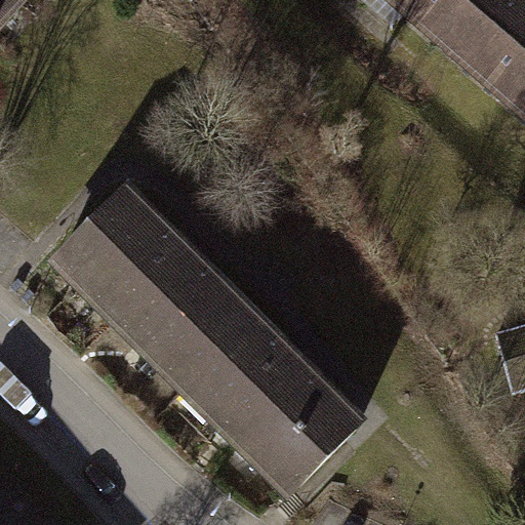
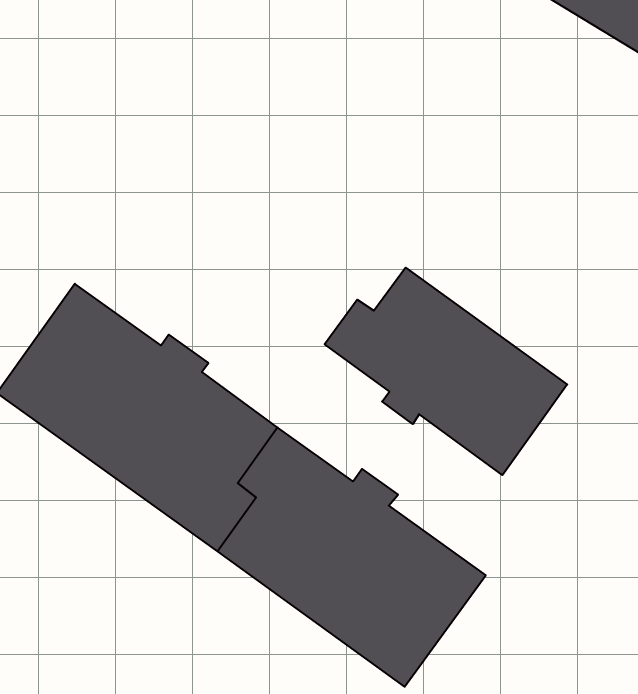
building: none -> [325,268,567,475]

